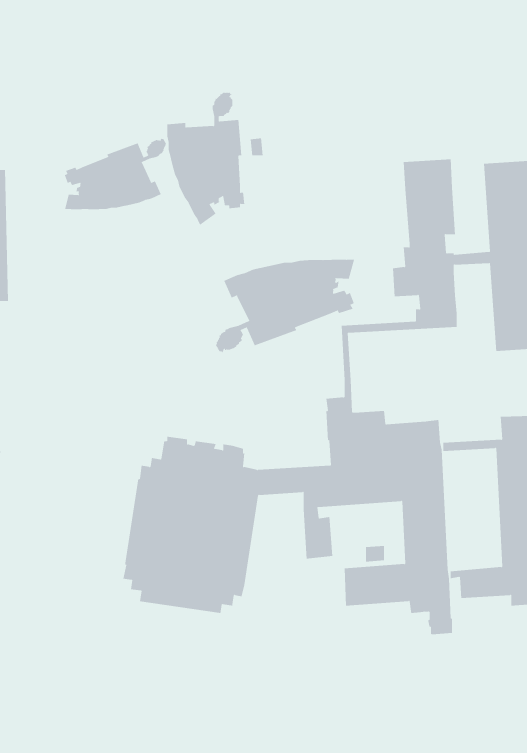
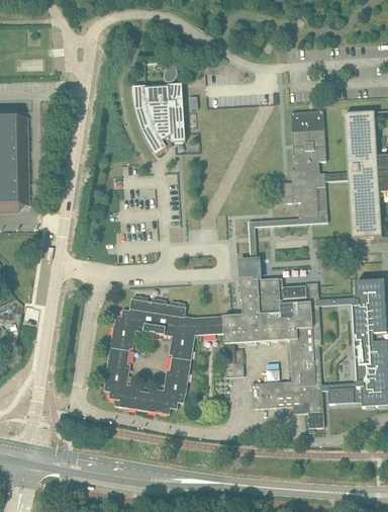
building: [64,137,167,210] -> none
building: [215,259,355,354] -> none

